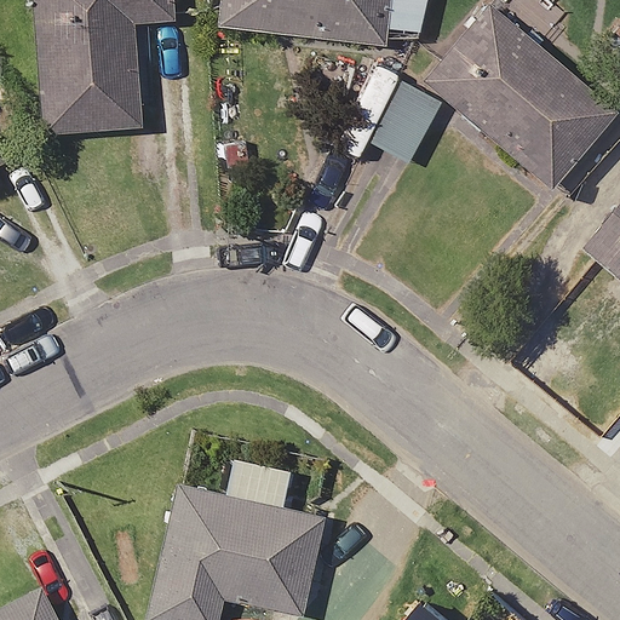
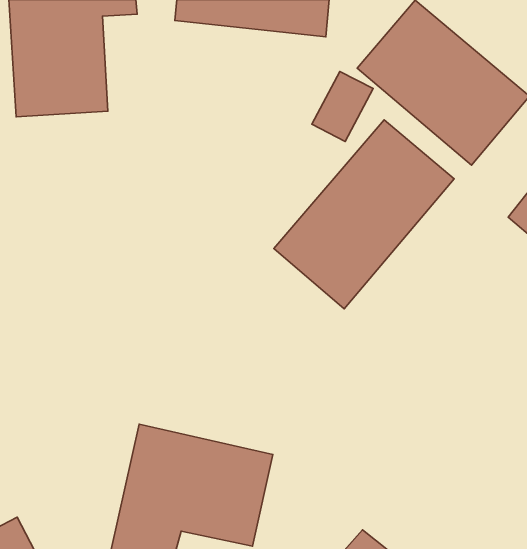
building: none -> [274,120,454,309]

